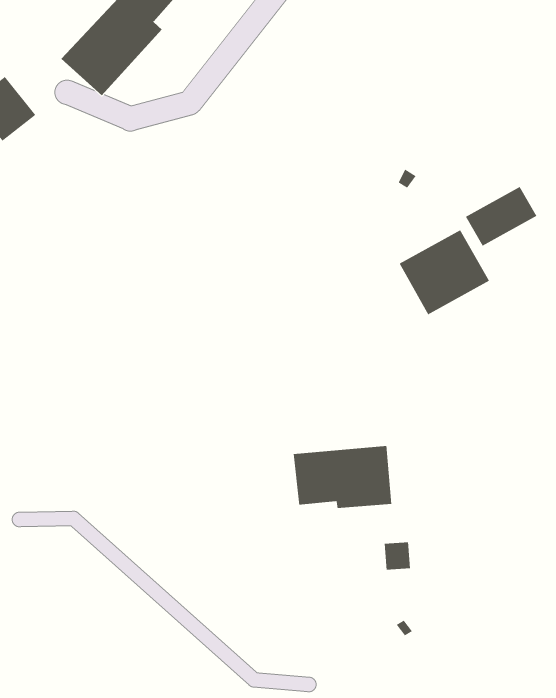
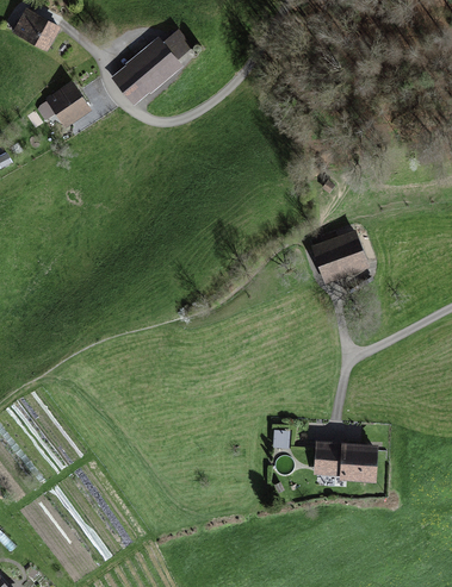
building: [465,186,537,247] -> none
building: [293,445,392,509] -> [315,441,379,483]

